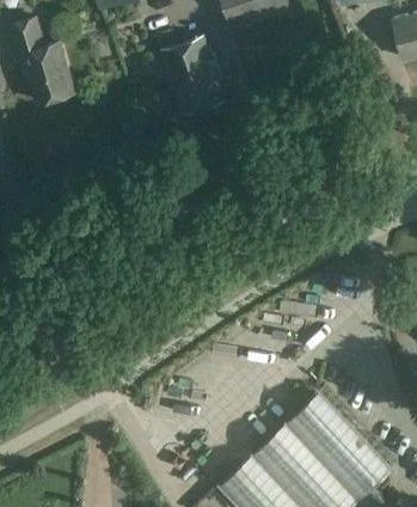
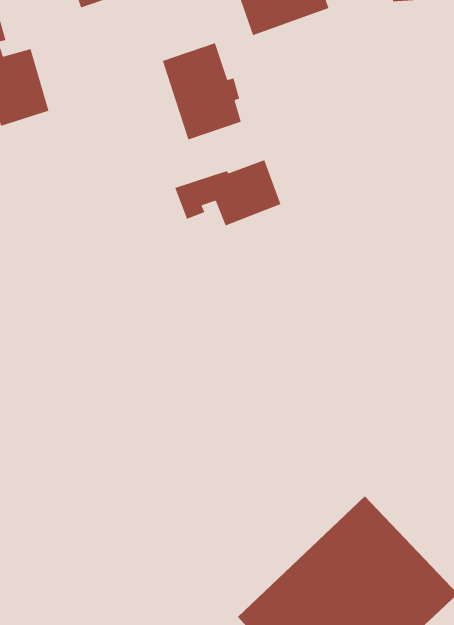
building: none -> [174,159,282,226]

